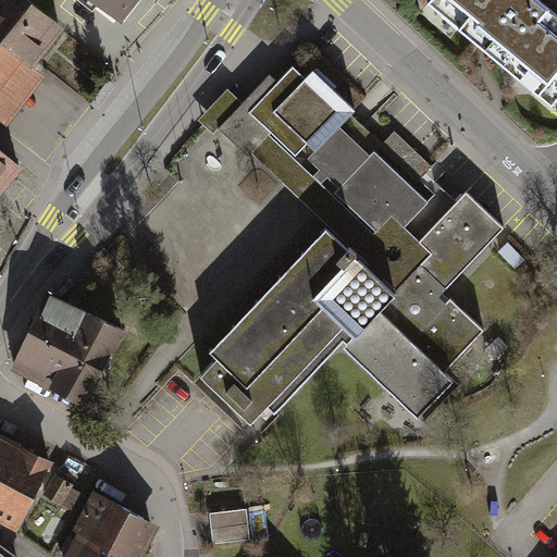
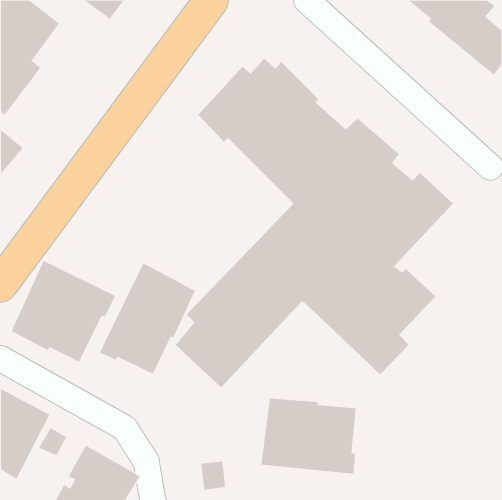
building: none -> [99,262,195,374]
building: none -> [261,398,356,474]

